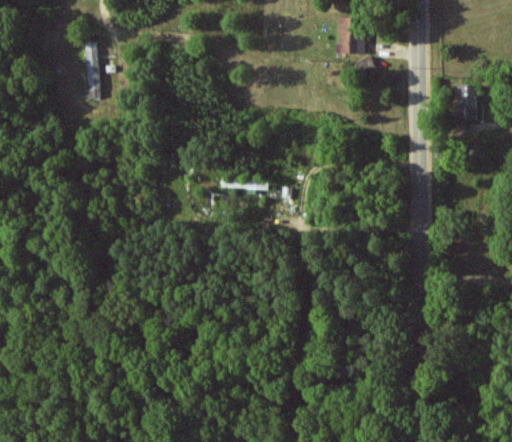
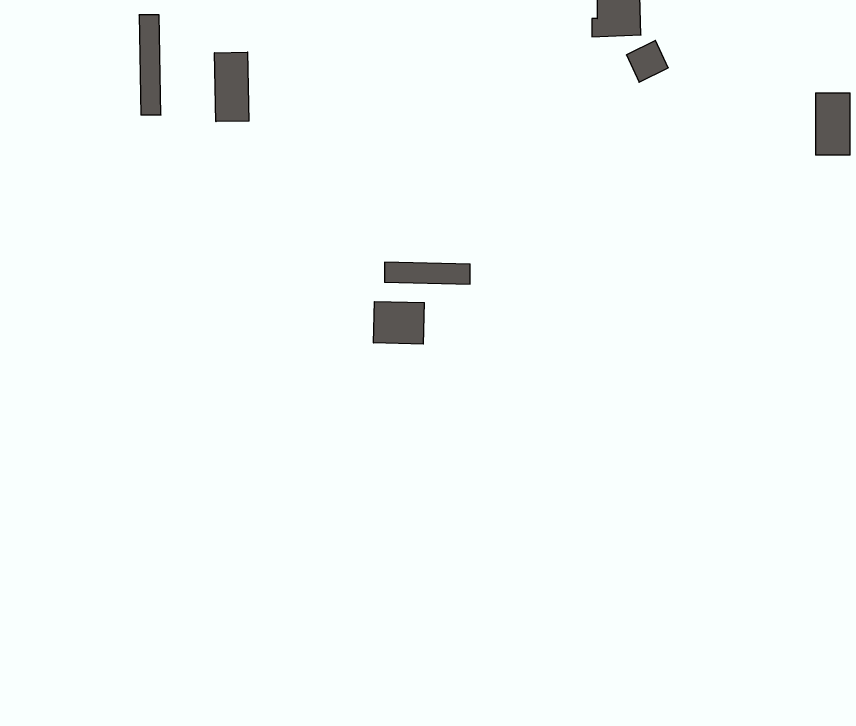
building: none -> [215,52,249,122]
building: none -> [374,302,424,344]

